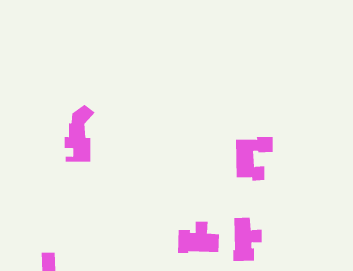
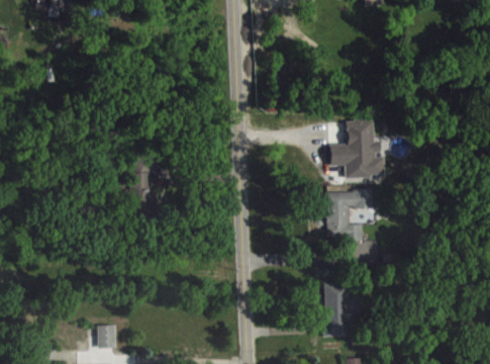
building: none -> [332,121,387,179]
building: [177,221,220,254] -> none

